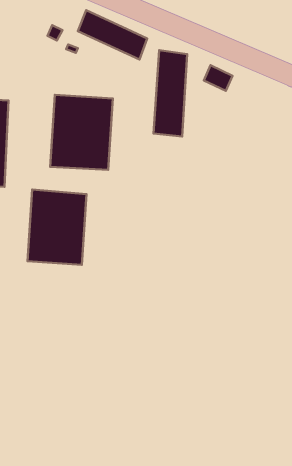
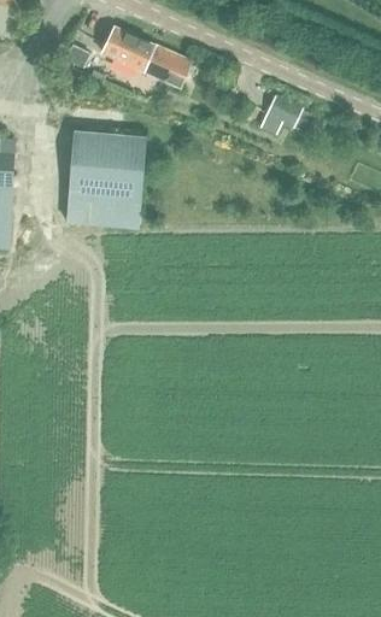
building: [154,50,187,137] -> none
building: [28,190,87,265] -> none

